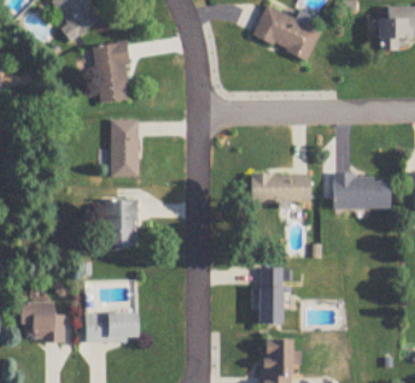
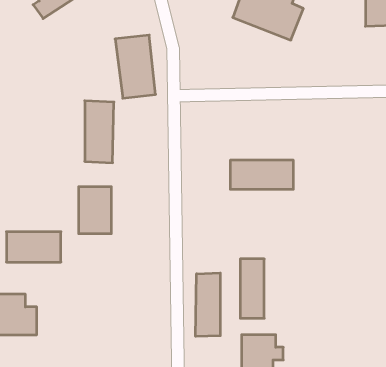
building: [93,41,131,101] -> [115,35,156,98]
building: [333,173,390,207] -> none
building: none -> [196,273,220,336]
building: [86,312,138,341] -> [6,232,61,262]

